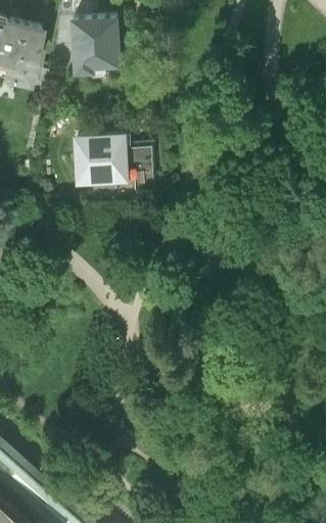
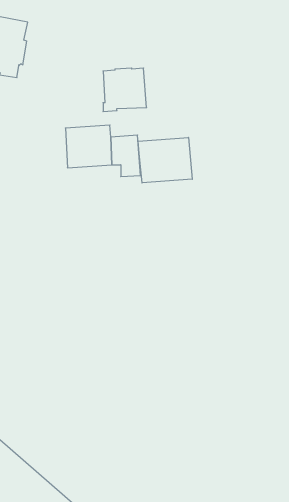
building: [75,19,120,64] -> [103,68,147,112]
building: none -> [138,137,192,183]

